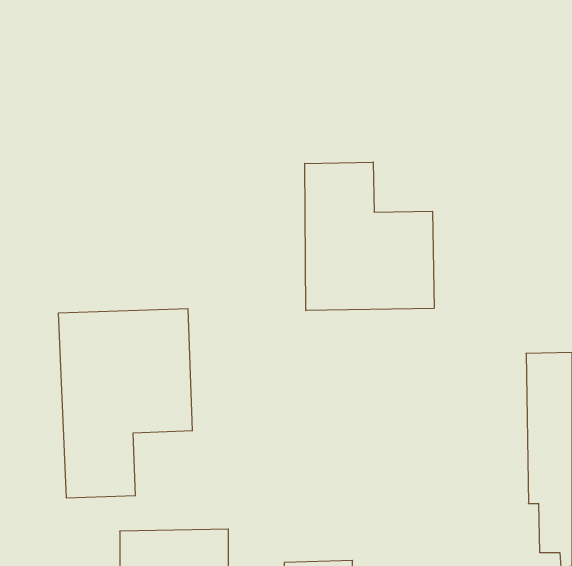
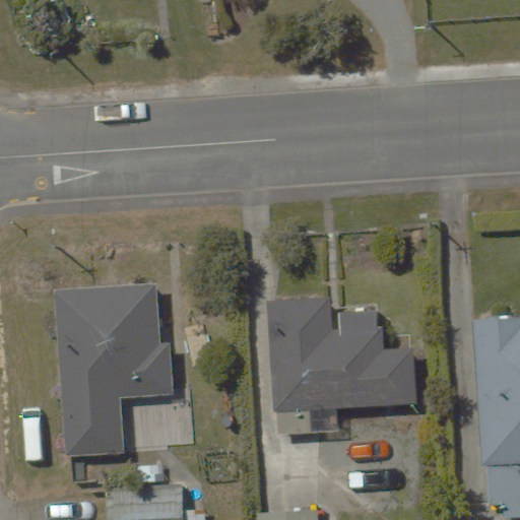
building: [305,162,434,311] -> none
building: none -> [276,298,418,437]

